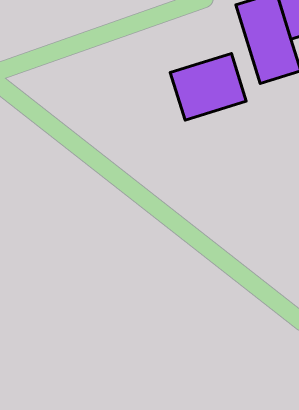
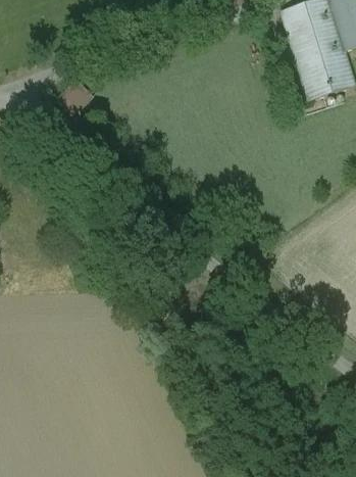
building: [170,53,246,120] -> none

